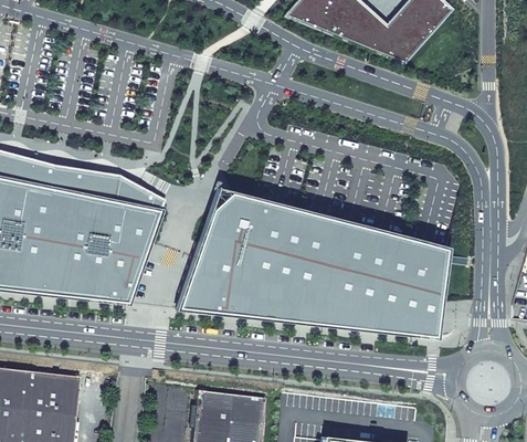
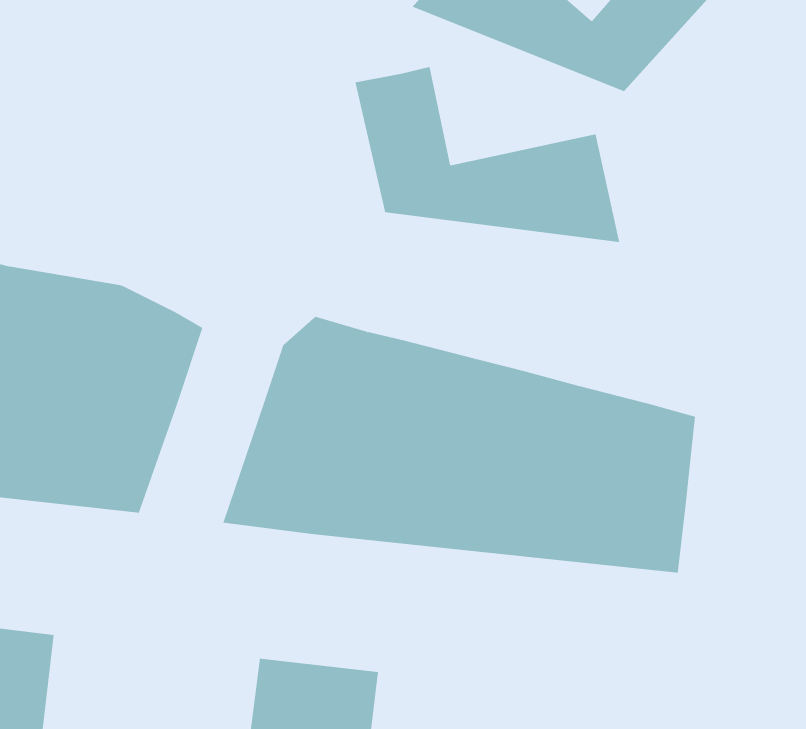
building: none -> [355,66,620,243]

